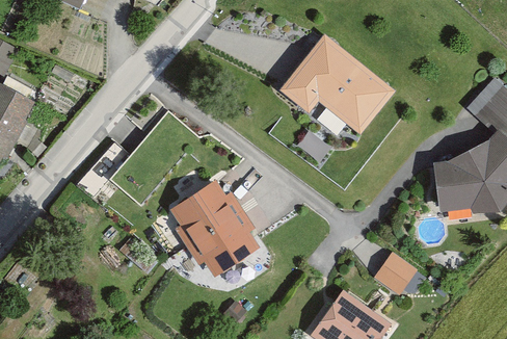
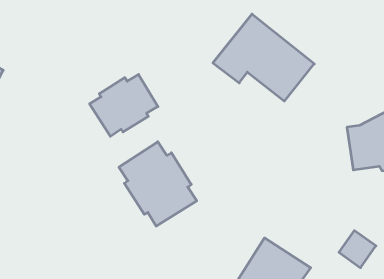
building: none -> [90,74,158,136]
building: [375,251,418,293] -> [339,231,376,268]

